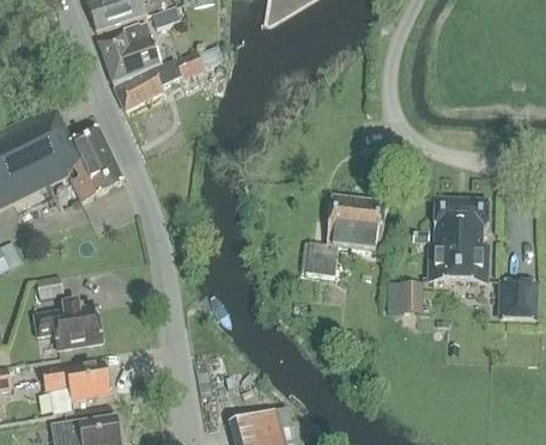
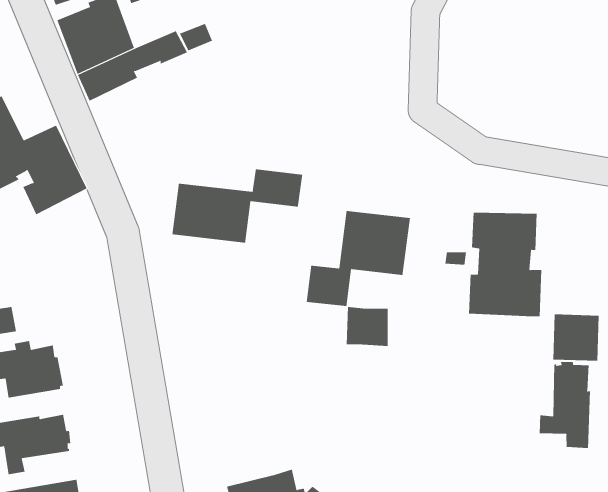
building: none -> [172,169,303,243]
building: [387,281,421,313] -> [346,307,389,346]
building: none -> [539,361,590,449]

